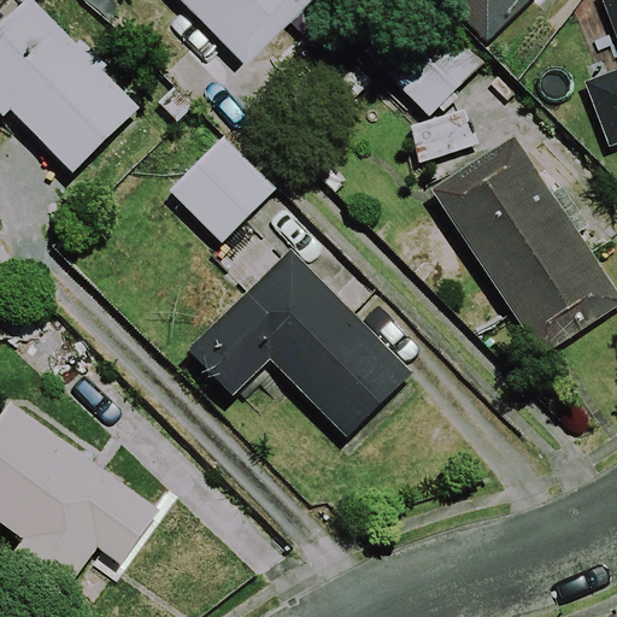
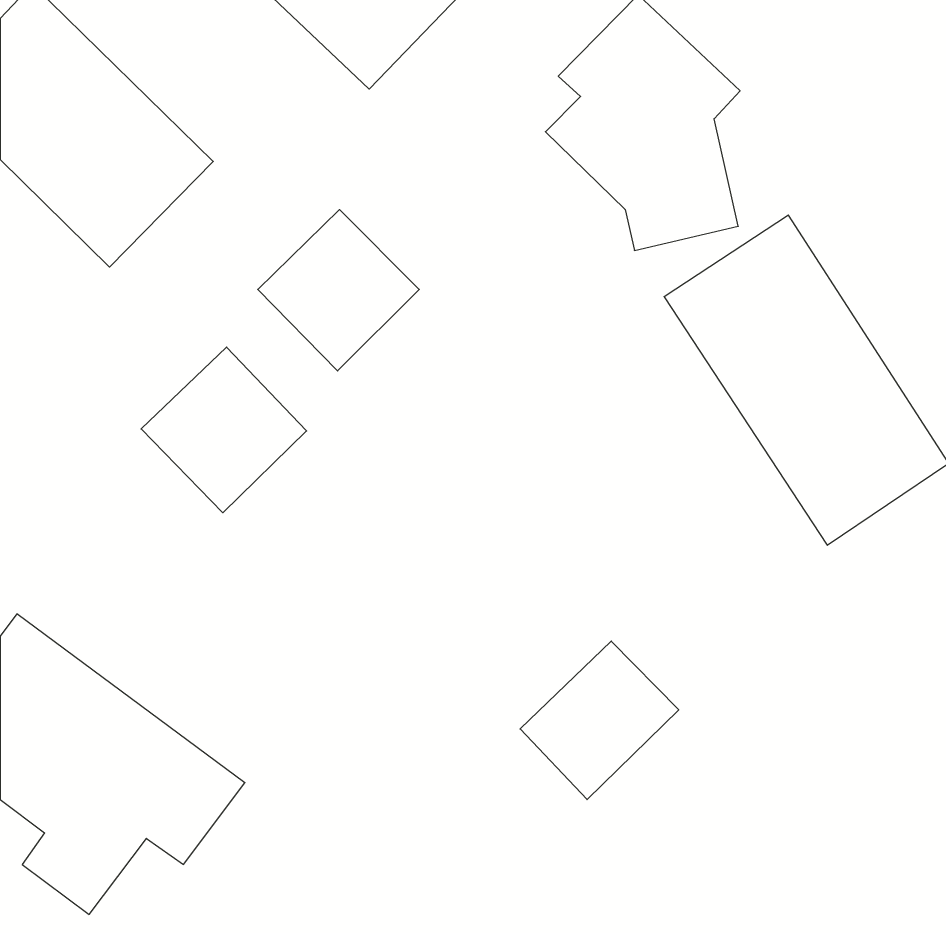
building: none -> [141,347,307,513]
building: [190,254,406,433] -> none
building: none -> [520,641,679,800]

